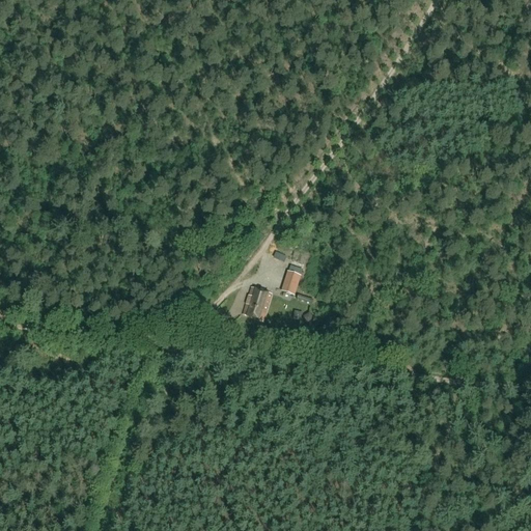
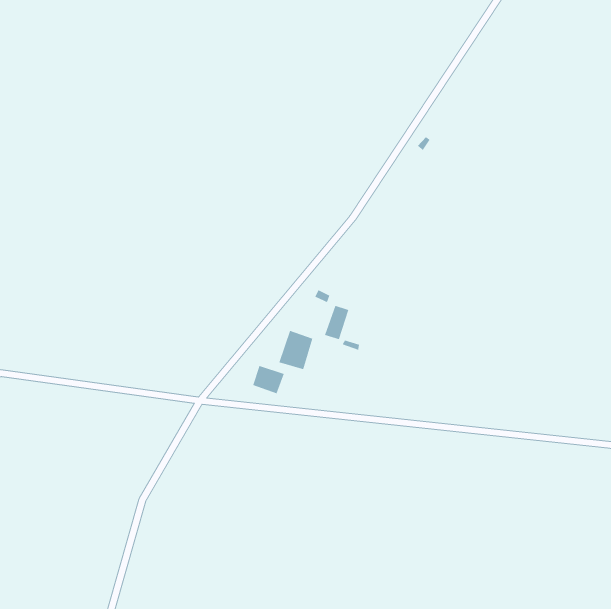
building: none -> [253,365,285,394]

